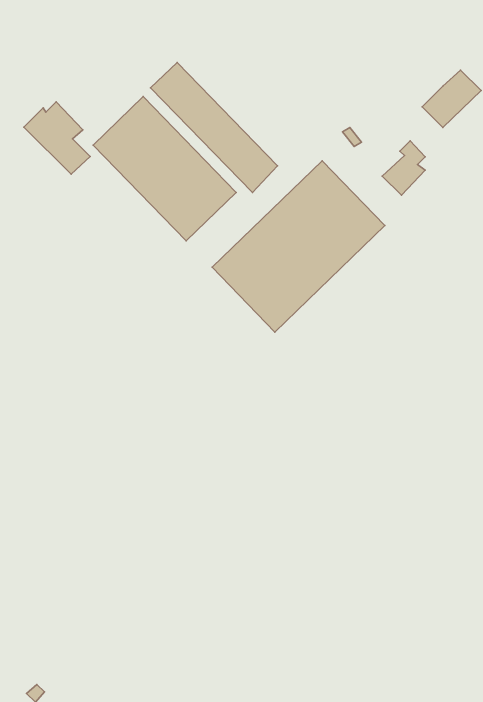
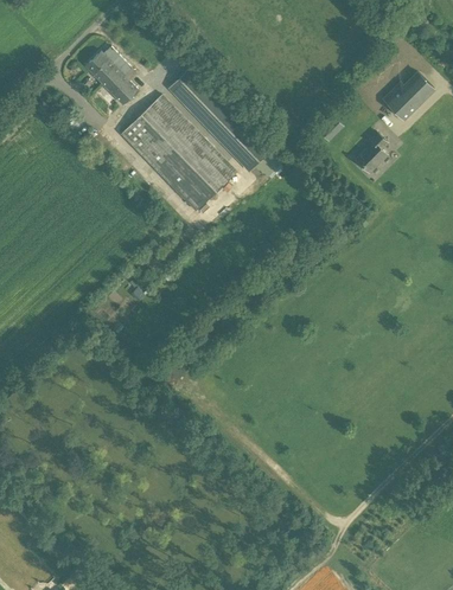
building: [24,102,90,174] -> [83,46,136,104]
building: [212,161,385,332] -> none

